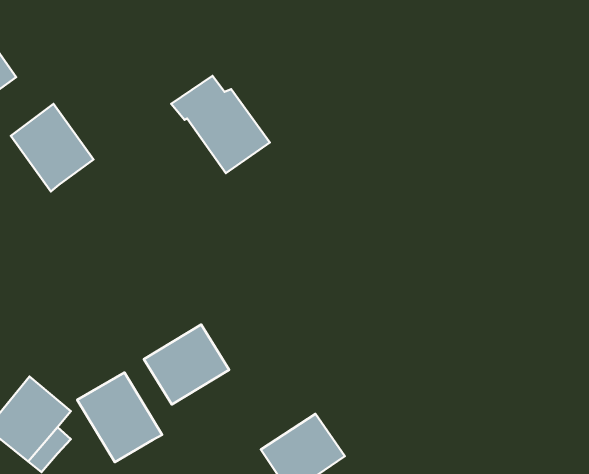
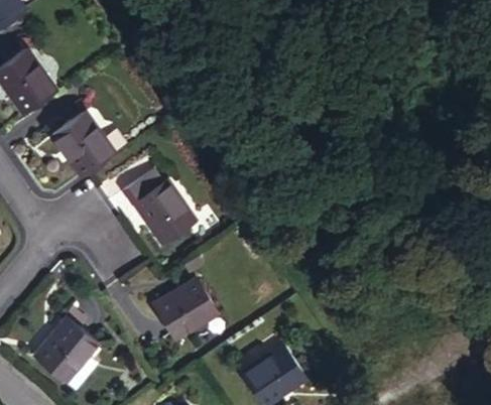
building: [171,76,270,173] -> [120,170,195,244]
building: [77,373,162,462] -> none

